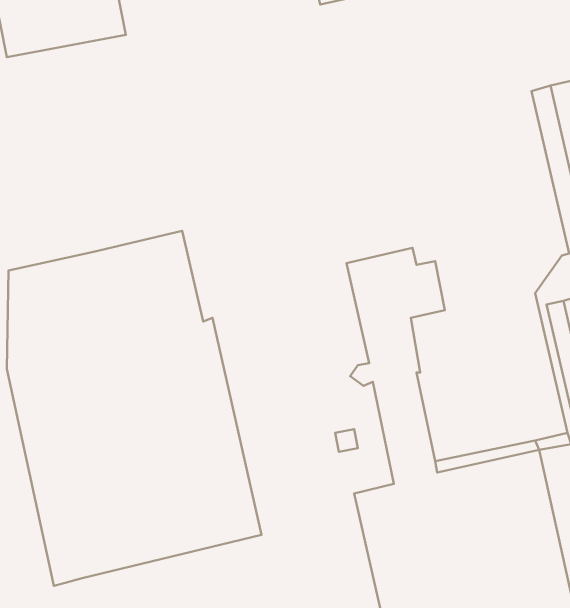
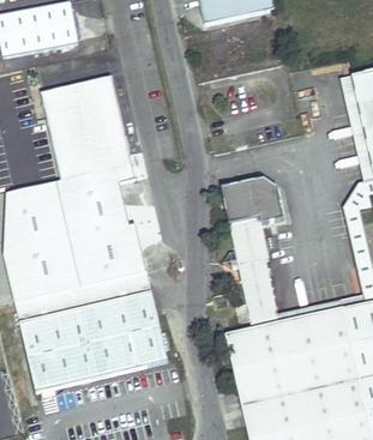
building: none -> [41,74,131,180]

